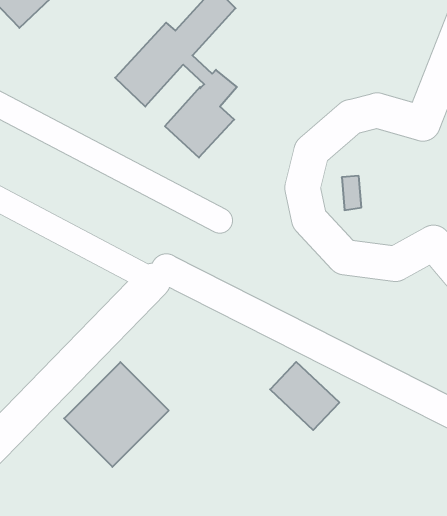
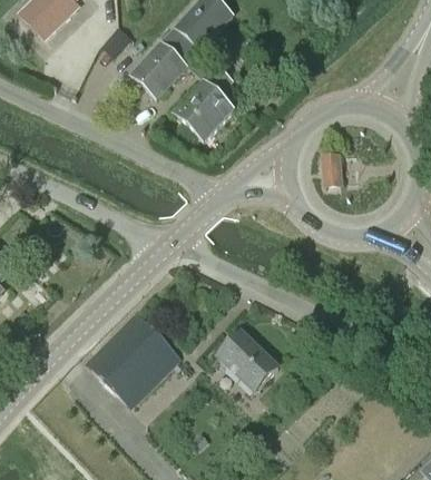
building: [270,362,339,430] -> [217,332,276,390]

